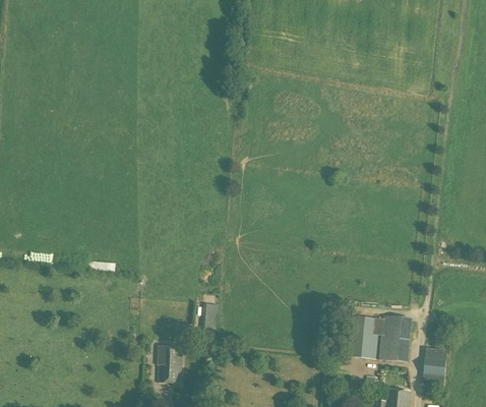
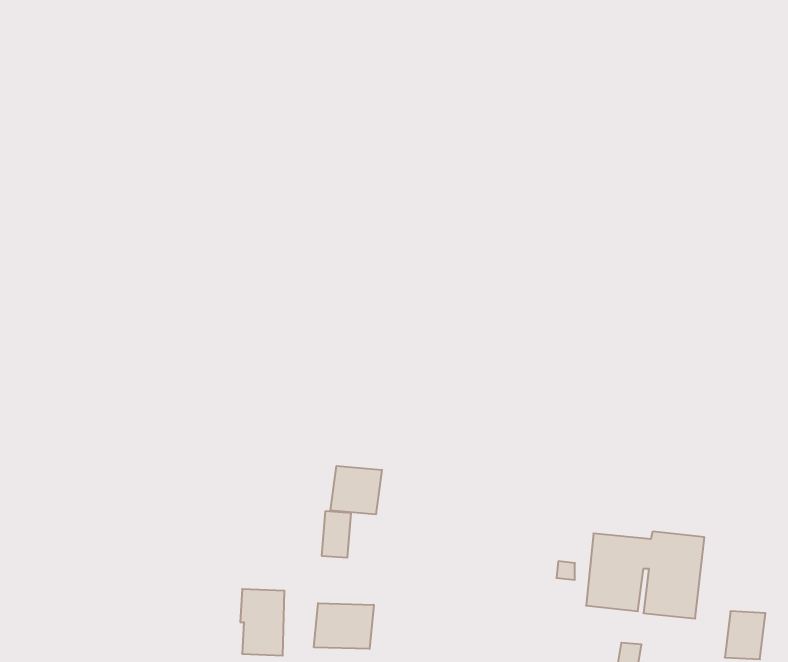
building: none -> [330,466,382,514]
building: none -> [314,603,374,649]

